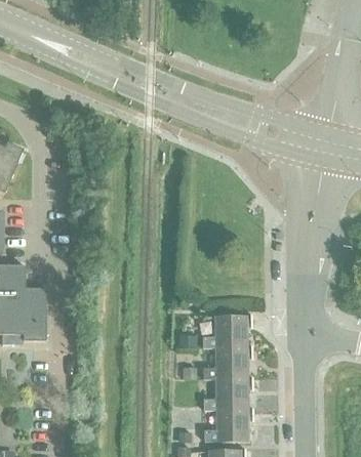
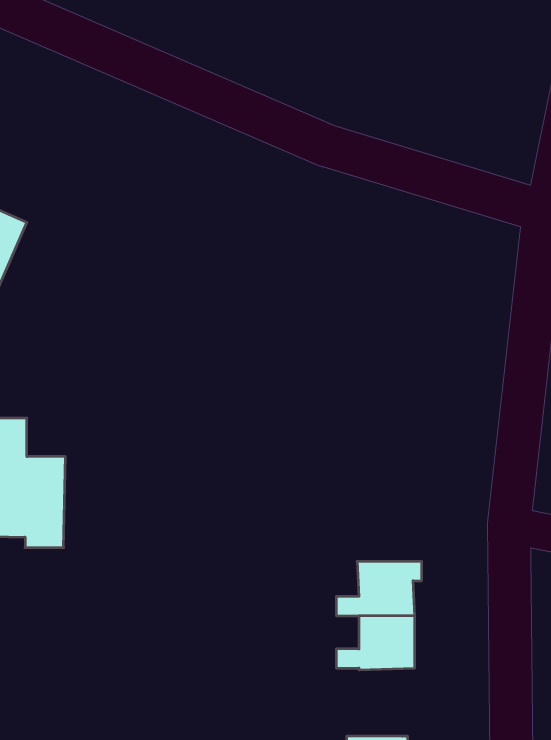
building: [202,317,248,349] -> none
building: [204,409,253,443] -> none

